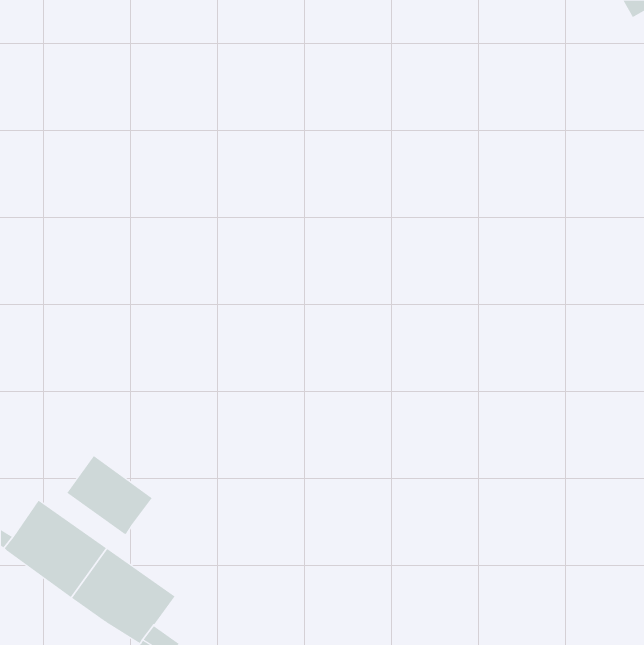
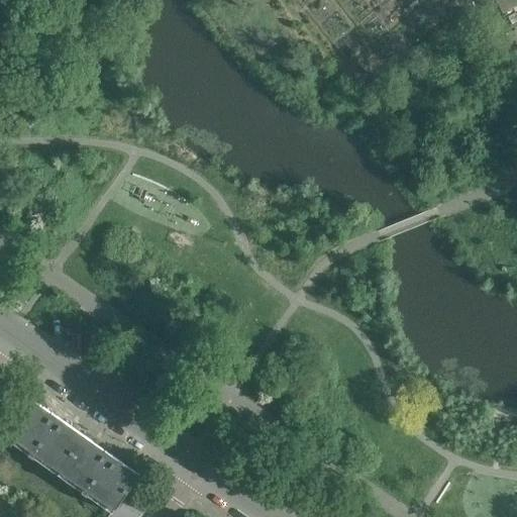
building: [66,455,153,535] -> none

